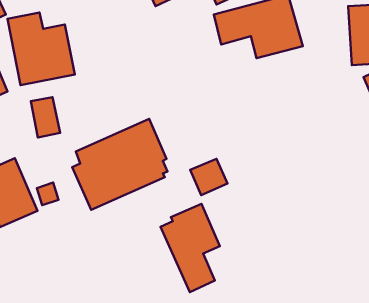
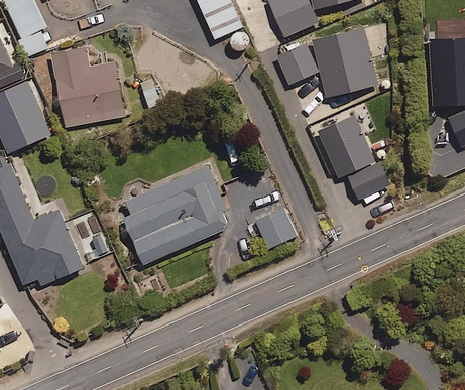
building: none -> [317,114,391,202]
building: [31,97,60,137] -> none
building: [161,204,220,292] -> none

